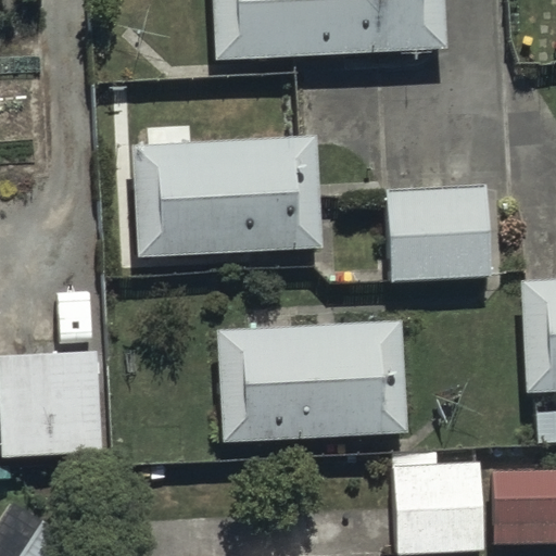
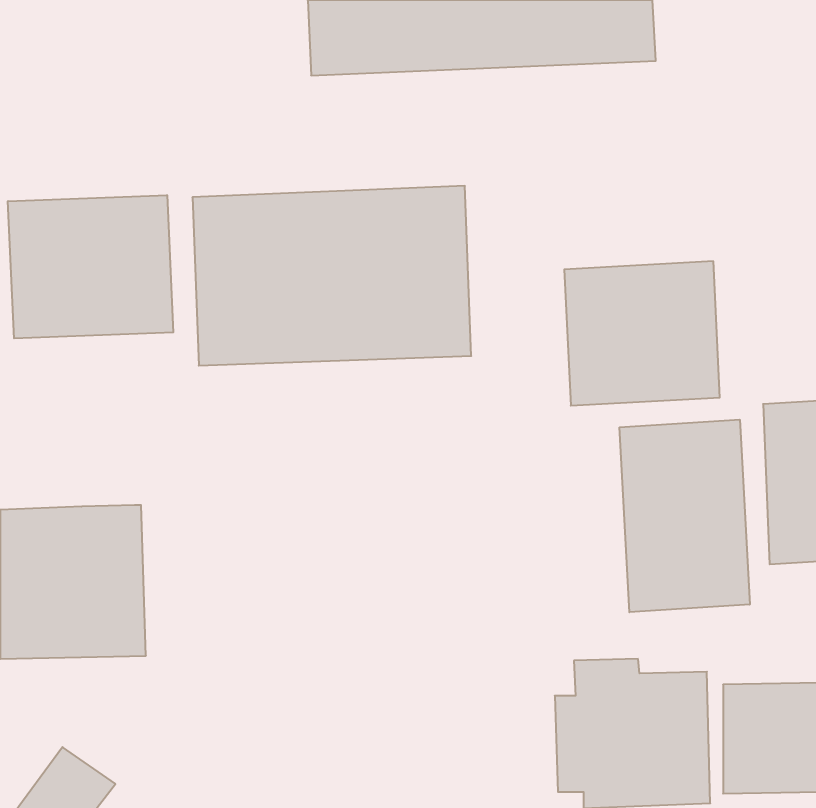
building: none -> [8,195,173,338]
building: none -> [620,420,750,612]
building: [222,323,407,439] -> none

